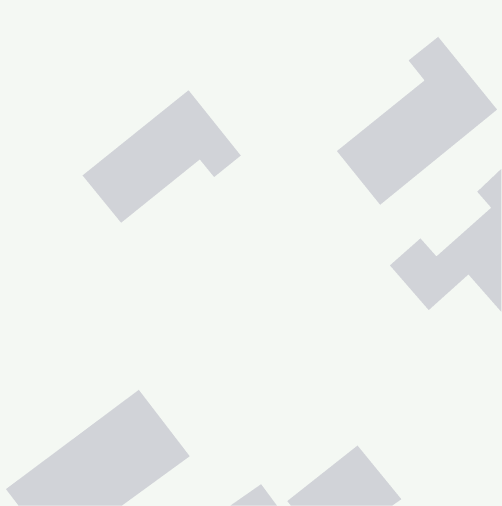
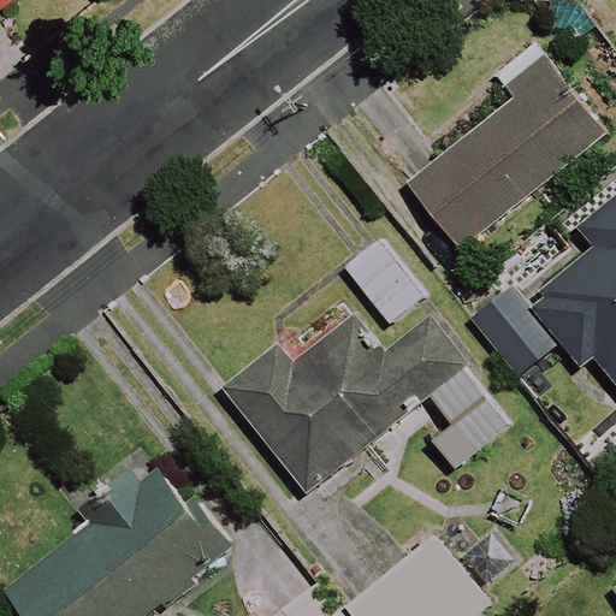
building: [81,89,242,224] -> none
building: none -> [223,242,507,492]

